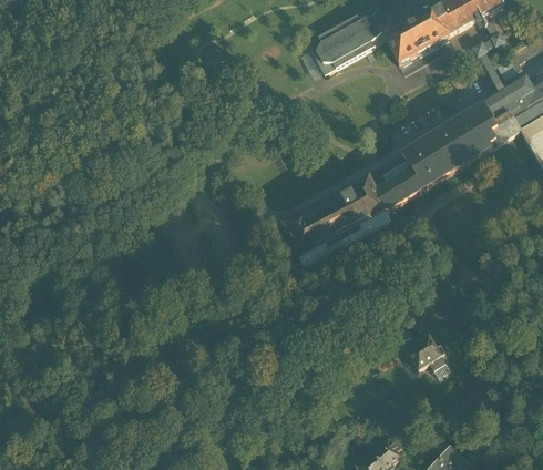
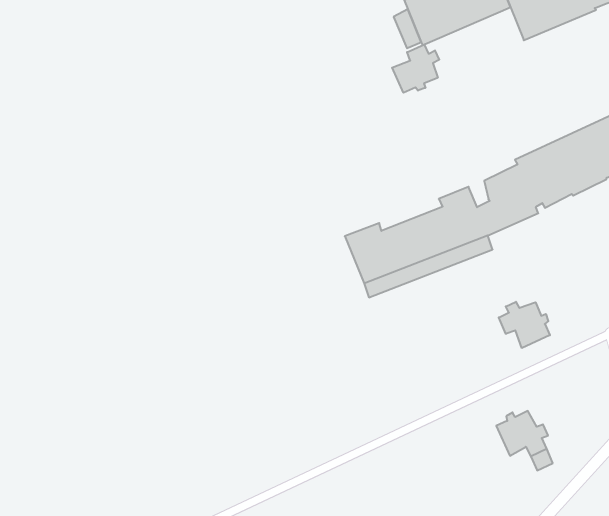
building: none -> [392,44,439,93]
building: none -> [499,302,550,348]

